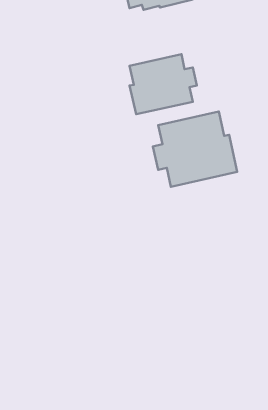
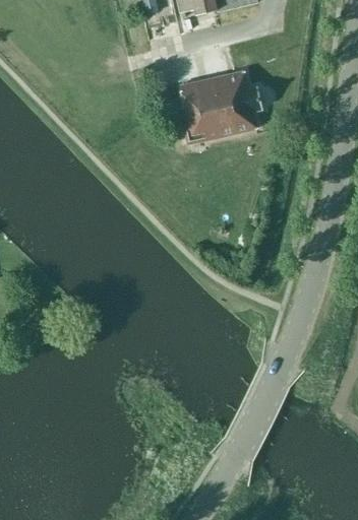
building: [153,112,237,187] -> none

